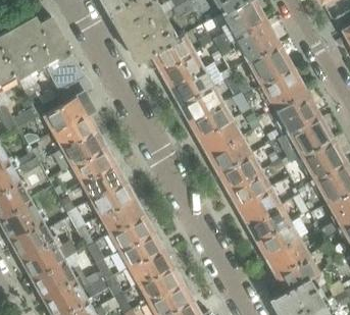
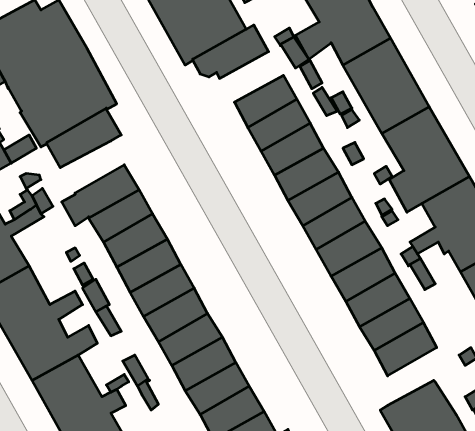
building: [160,53,204,88] -> none
building: [51,114,95,150] -> none
building: [270,256,319,296] -> none

